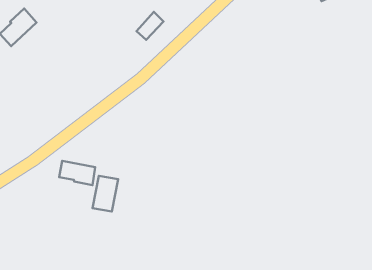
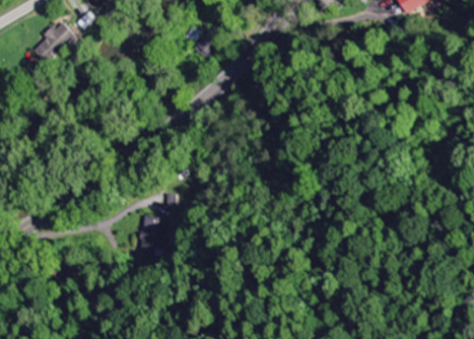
building: [59,161,95,185] -> none

